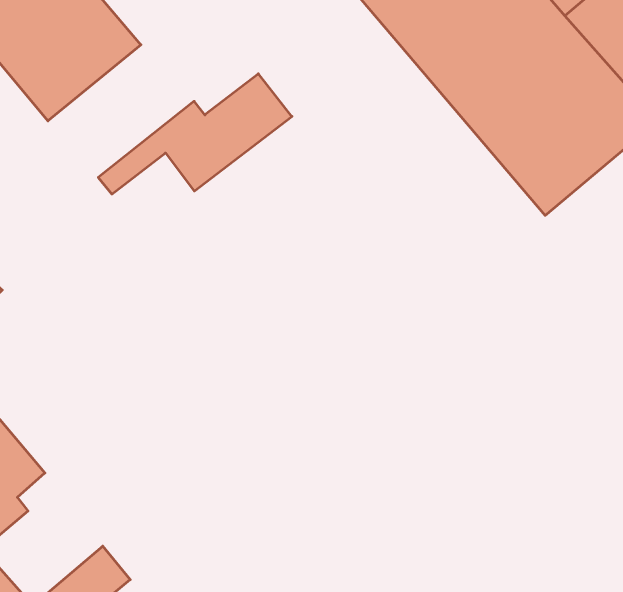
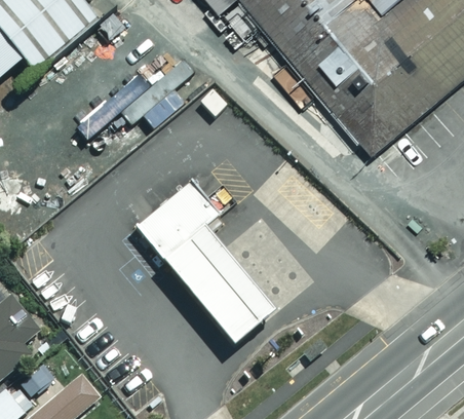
building: none -> [132,180,273,348]

